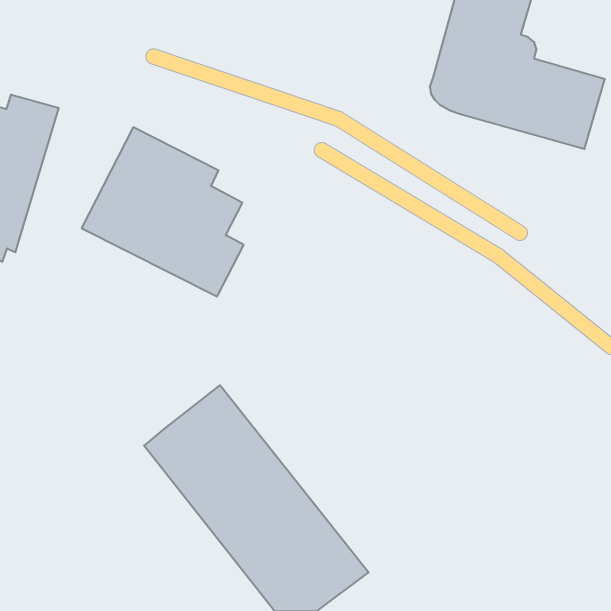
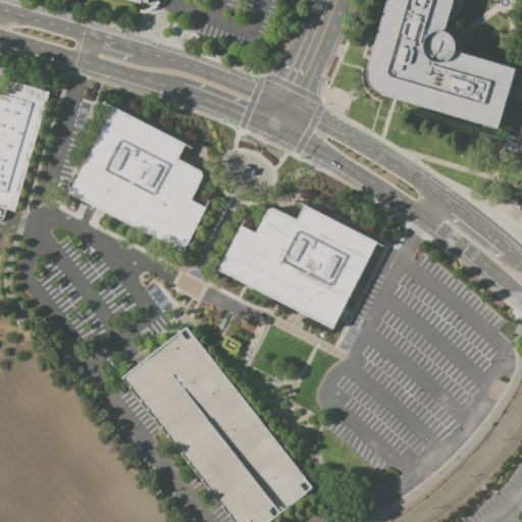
building: none -> [220,205,378,329]

